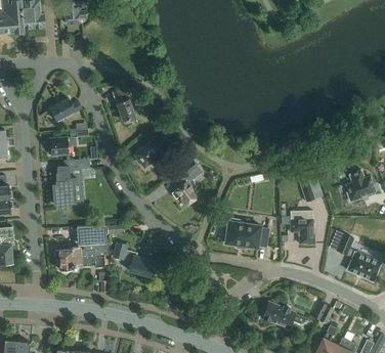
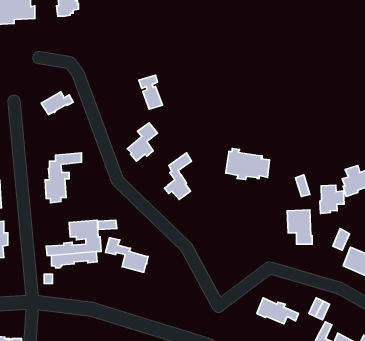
building: [112,87,135,121] -> [139,75,163,109]
building: [49,130,88,156] -> none
building: none -> [320,185,344,214]
building: [225,218,268,249] -> [226,148,269,180]

